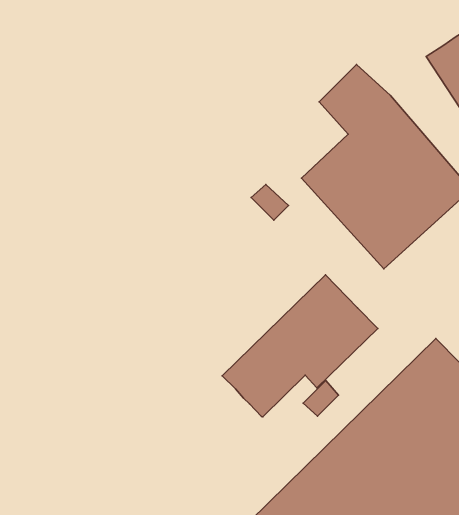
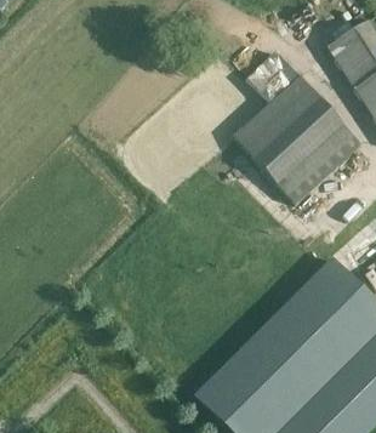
building: [222,275,378,417] -> none

